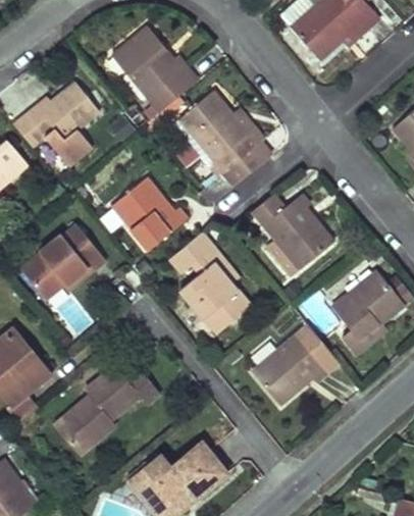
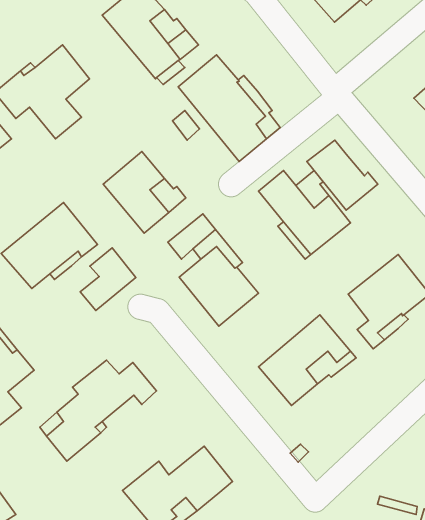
building: none -> [307,140,378,210]
building: none -> [80,248,136,310]

